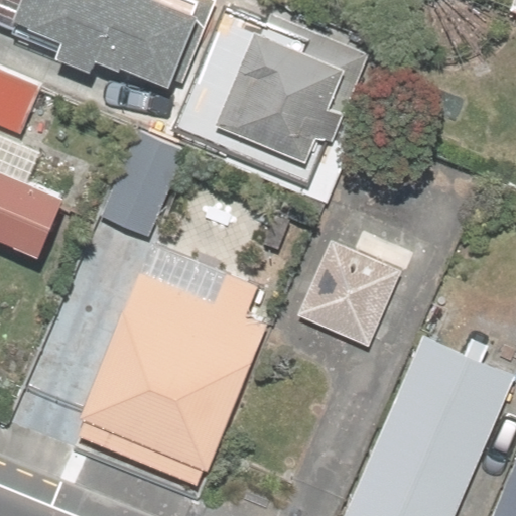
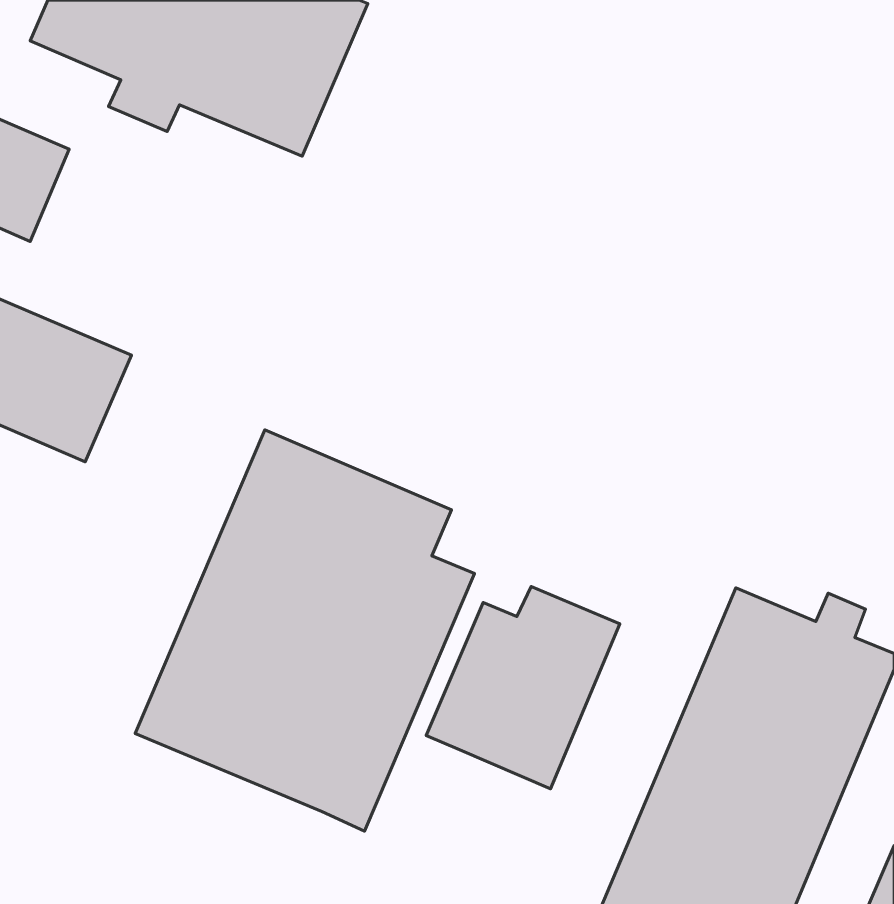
building: [213,14,364,183] -> none
building: [94,128,183,240] -> none
building: [296,232,406,347] -> [426,586,620,789]

